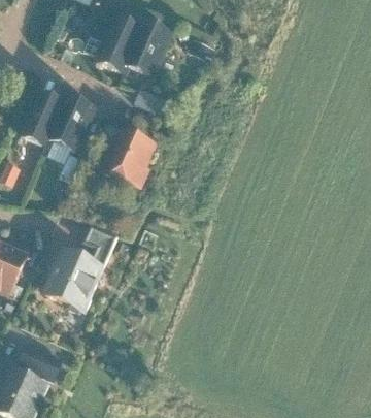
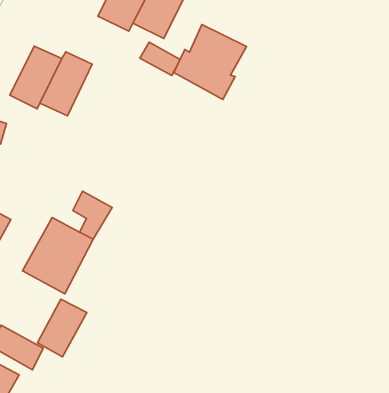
building: [96,128,158,192] -> [174,25,247,99]
building: none -> [38,299,87,357]

